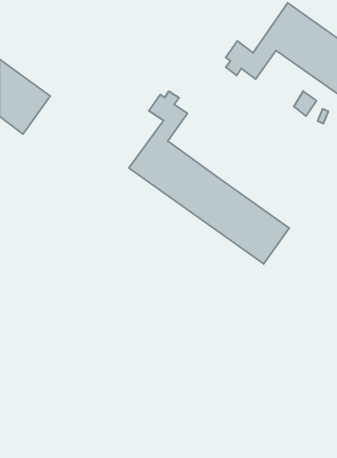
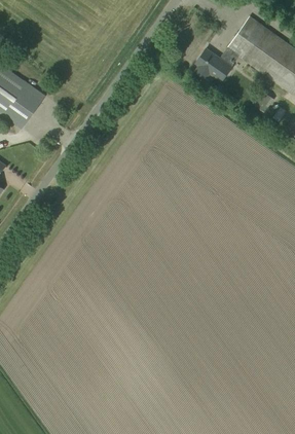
building: [129,91,289,264] -> none

